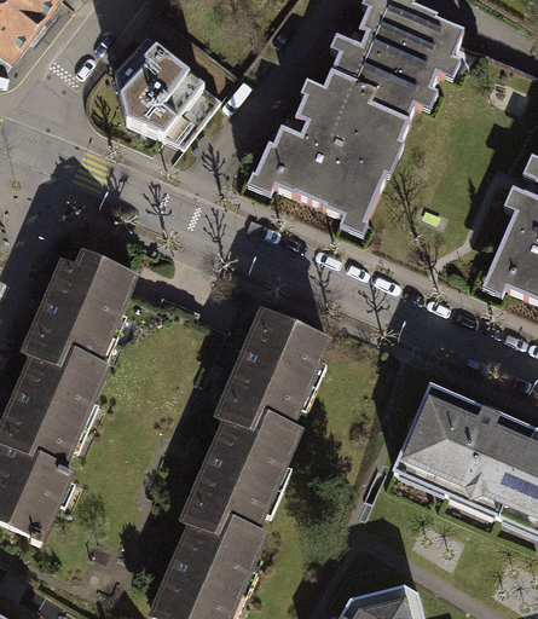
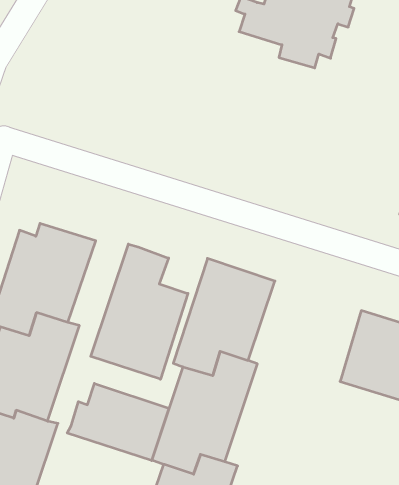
building: [110,39,216,144] -> none
building: [241,68,405,232] -> none
building: none -> [91,244,188,379]
building: none -> [67,383,169,461]

